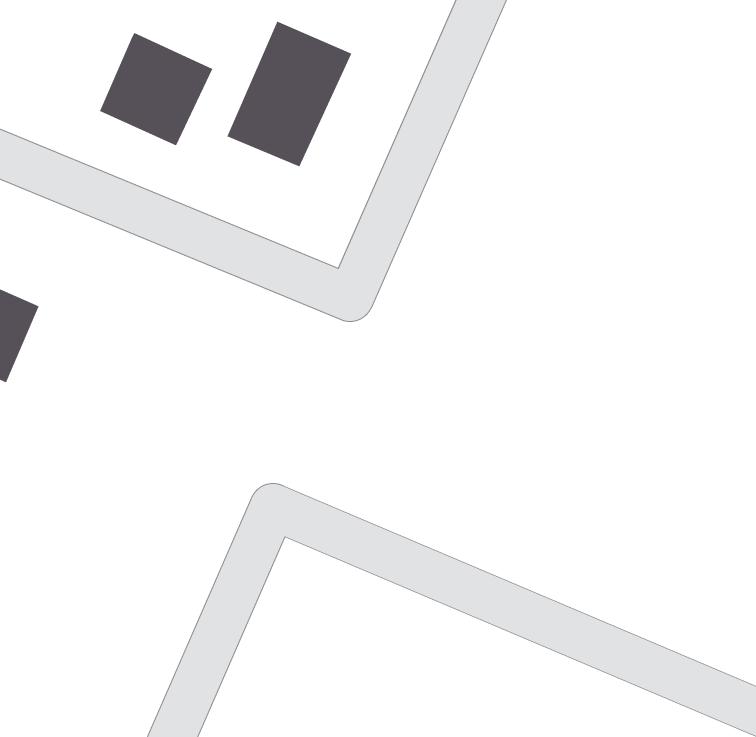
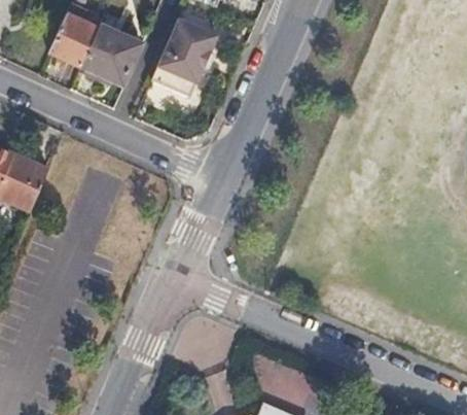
building: none -> [50,13,98,66]

